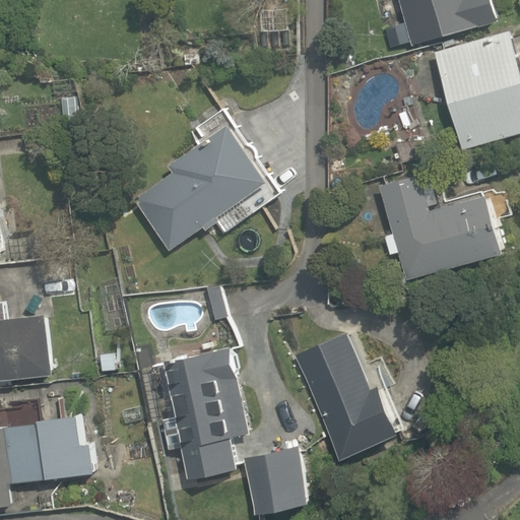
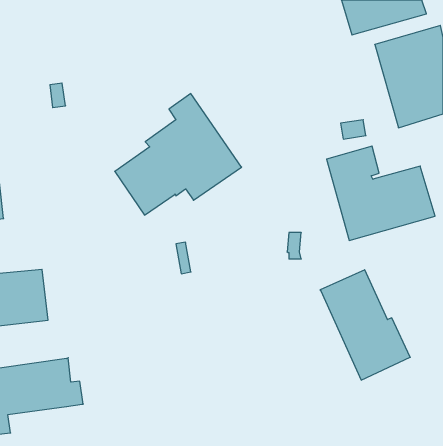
building: [294,332,398,460] -> [320,270,410,380]
building: [141,345,247,478] -> none
building: [243,446,311,514] -> none

